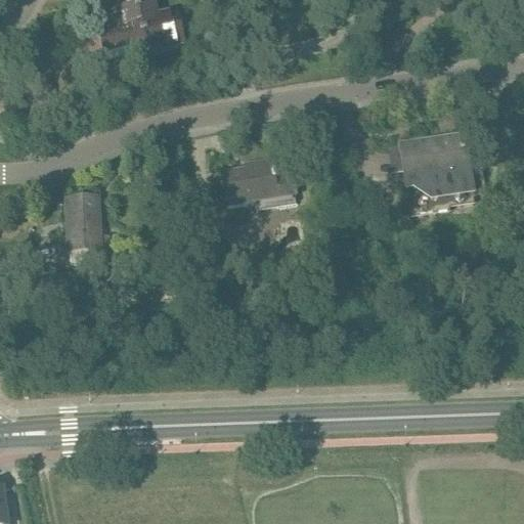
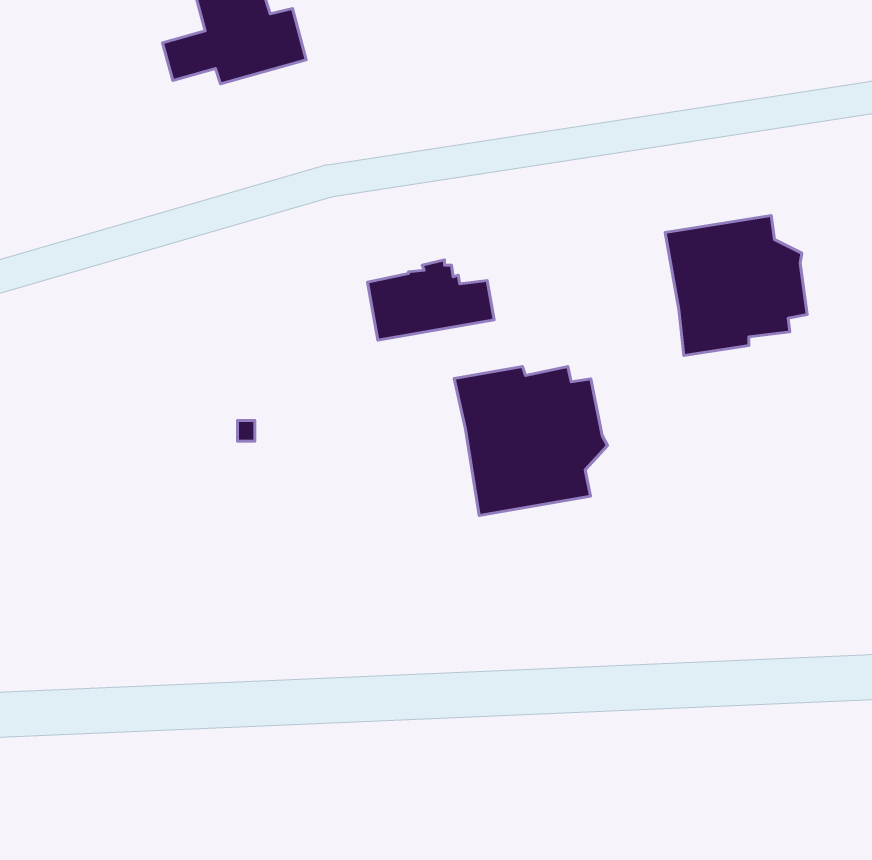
building: [66,192,107,249] -> none
building: none -> [454,367,608,515]

